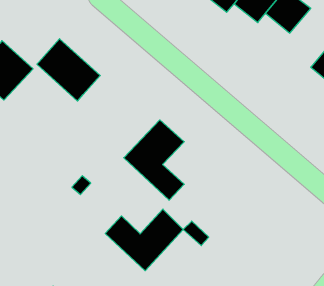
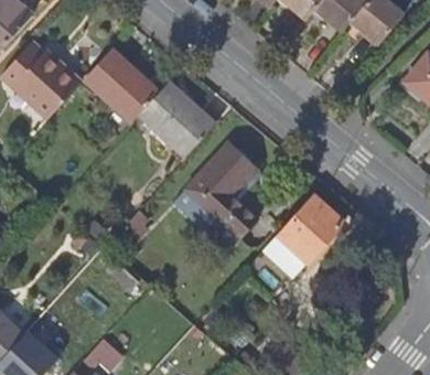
building: none -> [138,81,214,156]
building: none -> [276,193,343,261]
building: [105,209,183,271] -> none

